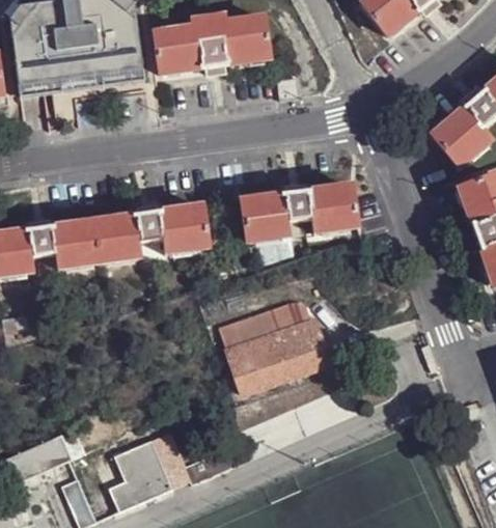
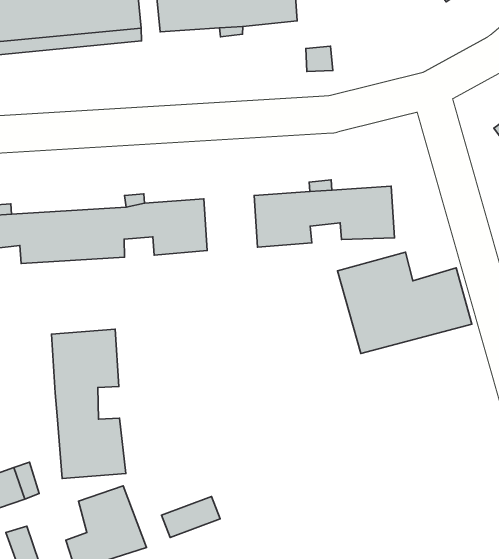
building: [222,306,333,390] -> [338,252,472,353]
building: none -> [51,329,126,478]

